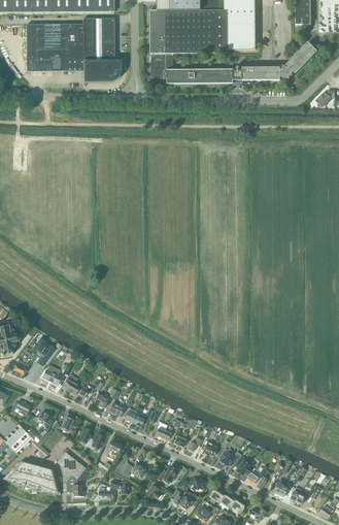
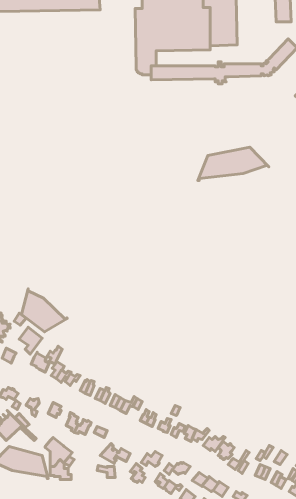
building: [27,19,114,81] -> none
building: none -> [198,147,269,181]
building: none -> [21,289,67,332]

